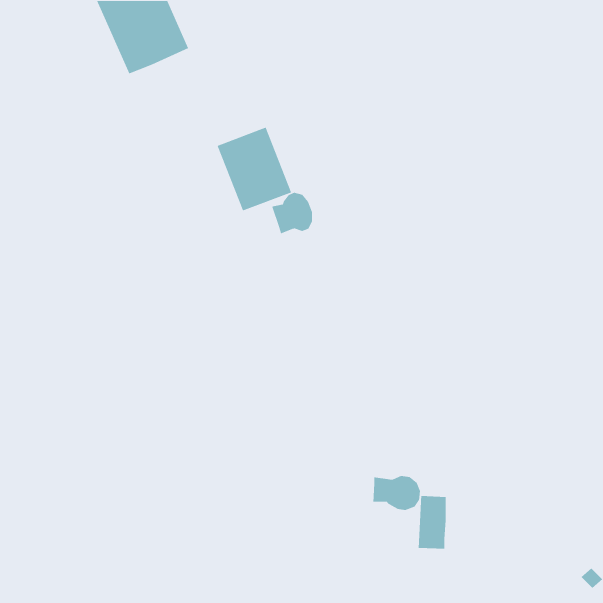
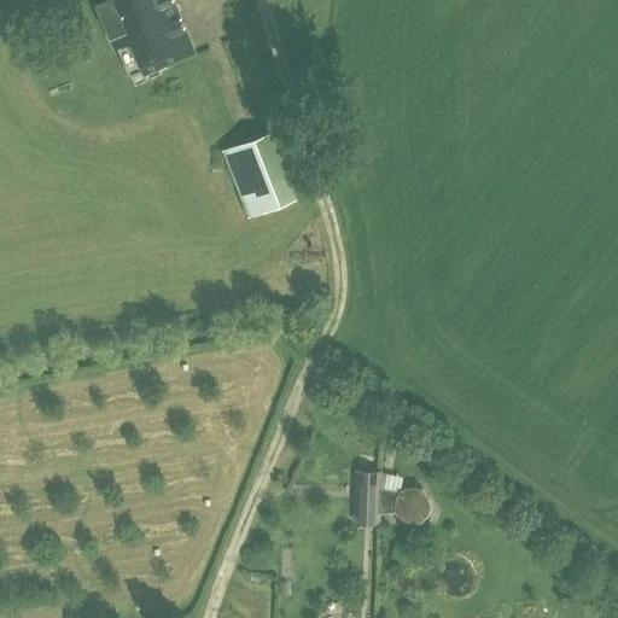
building: [271,192,313,235] -> none
building: [418,495,446,550] -> [352,470,381,525]

